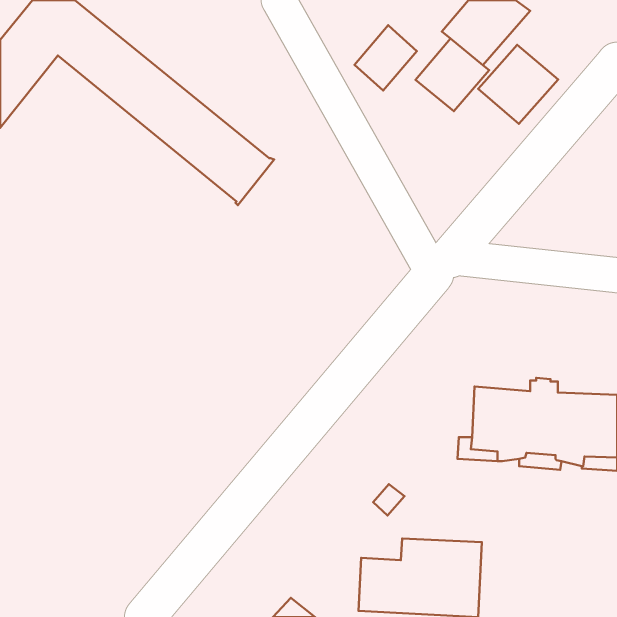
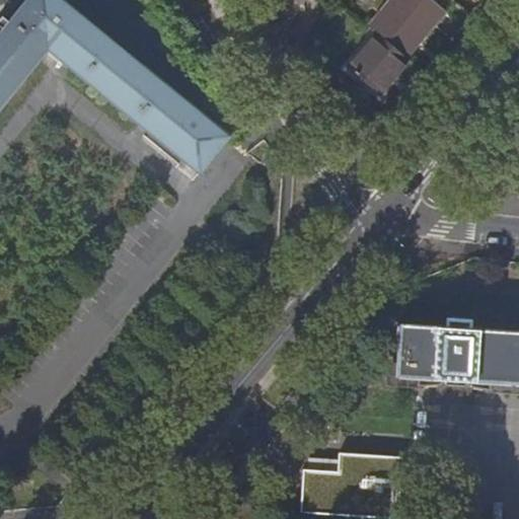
building: [354,25,417,91] -> none
building: [478,45,558,124] -> none

